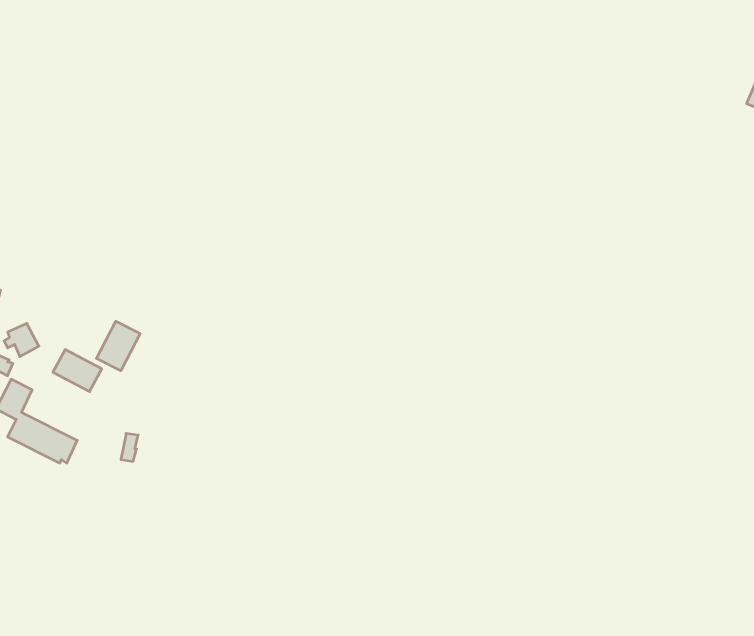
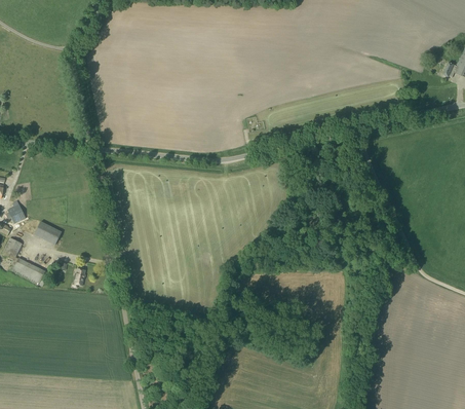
building: [96,321,140,371] -> none

